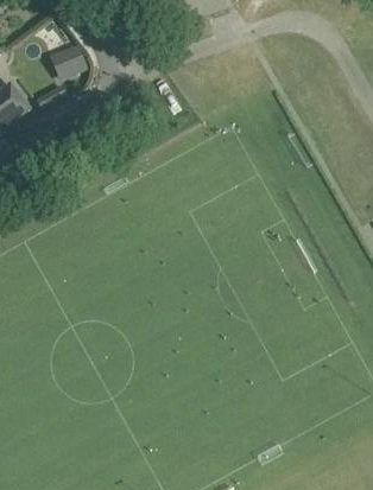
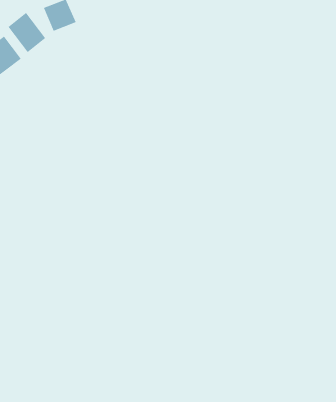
building: none -> [8,12,46,53]

